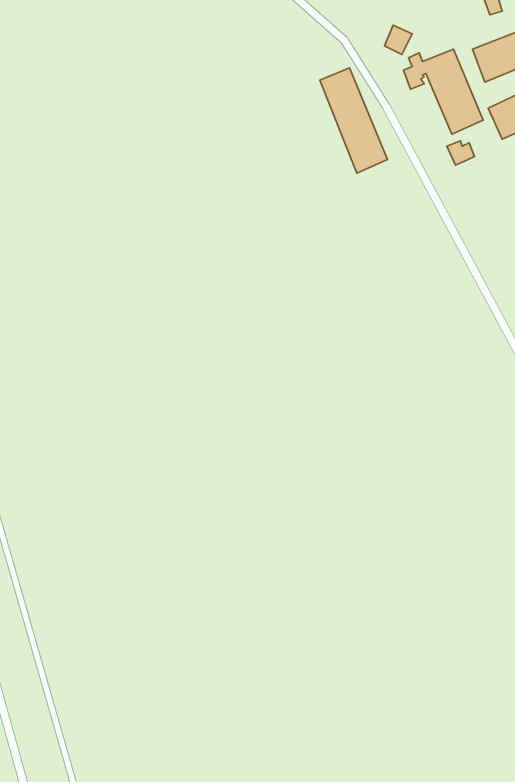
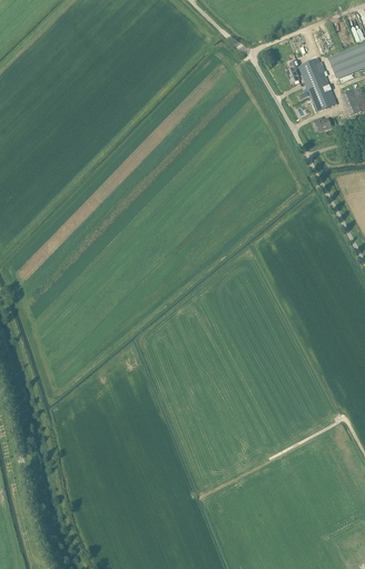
building: [320,68,387,173] -> none

